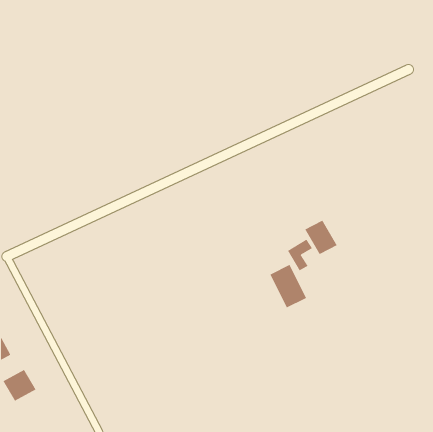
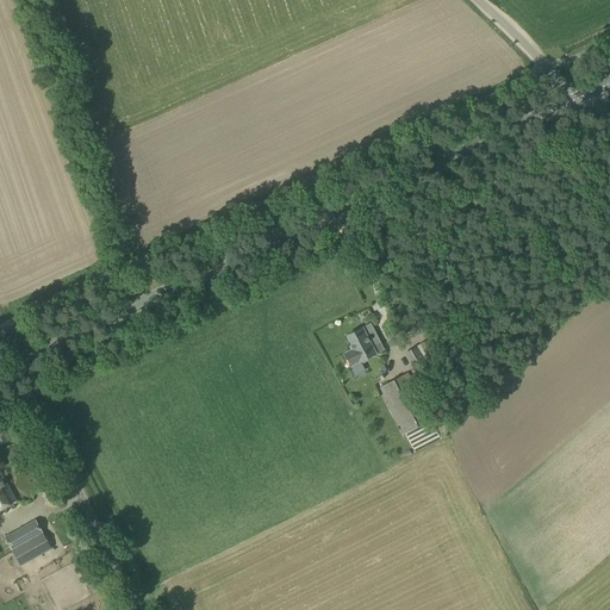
building: [304,220,337,255] -> none
building: none -> [343,323,384,374]

